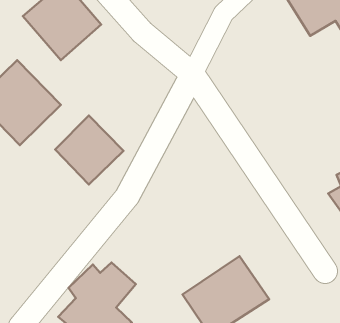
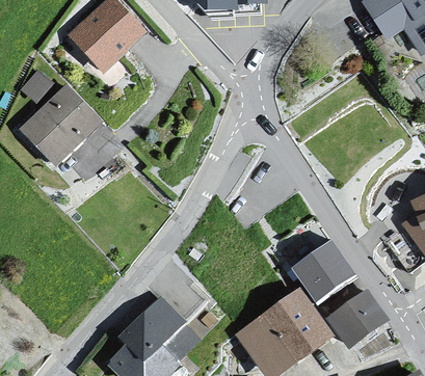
building: [55,116,124,185] -> none
building: none -> [288,235,363,312]
building: none -> [330,295,393,354]

